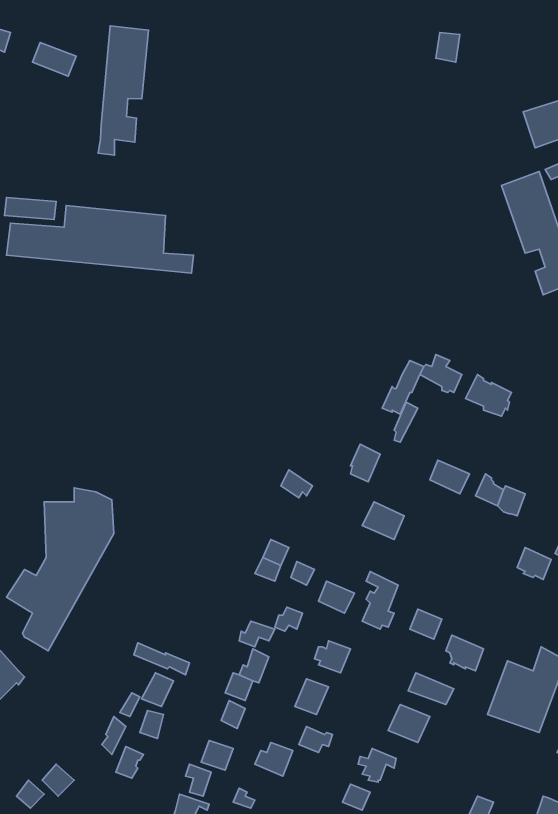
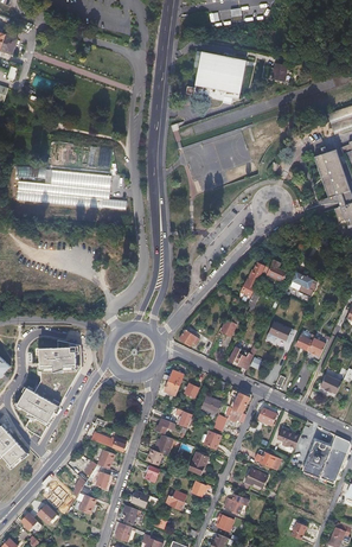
building: none -> [187,53,244,100]
building: [98,26,148,155] -> none

